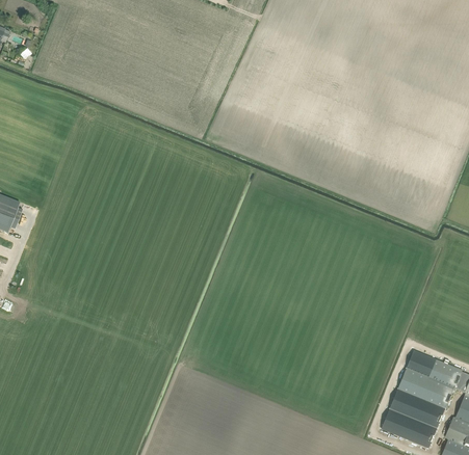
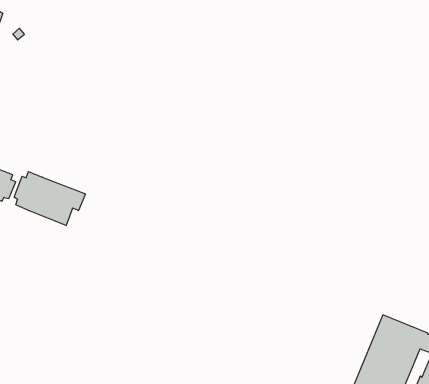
building: none -> [14,172,85,226]

